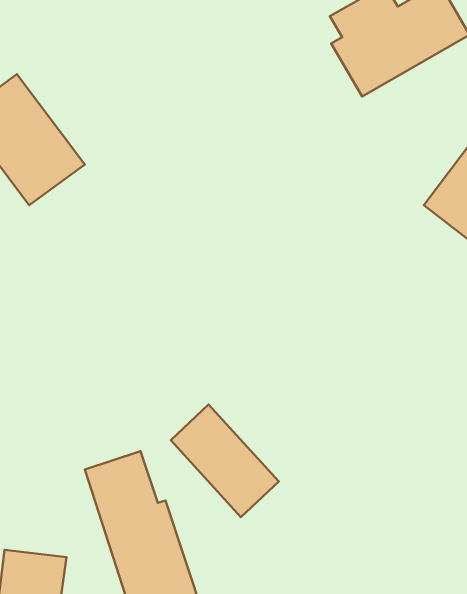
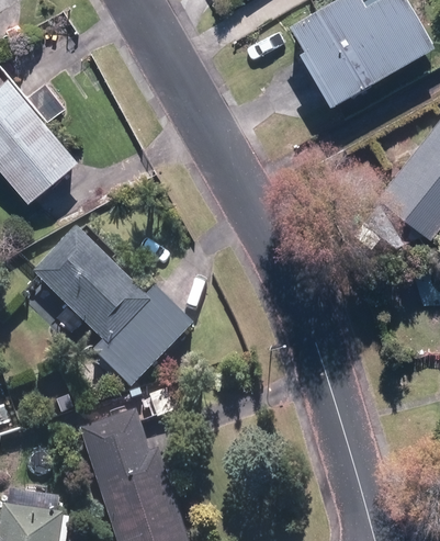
building: none -> [37,232,202,385]
building: [171,405,279,517] -> none

